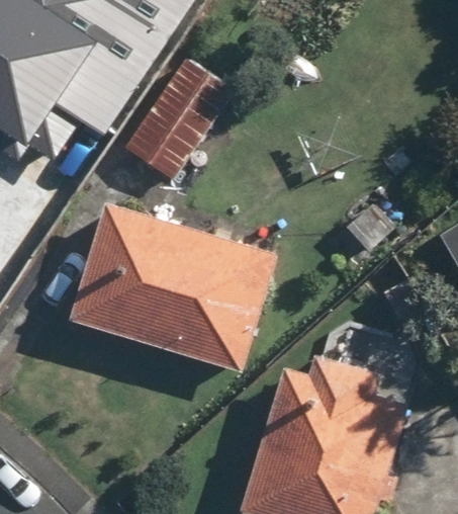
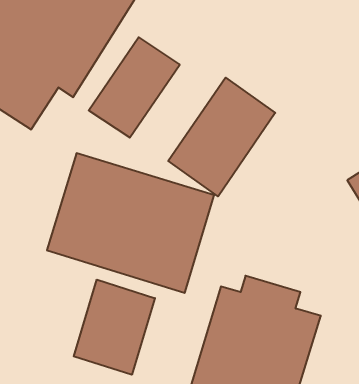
building: none -> [168,78,275,196]
building: none -> [74,280,155,375]

